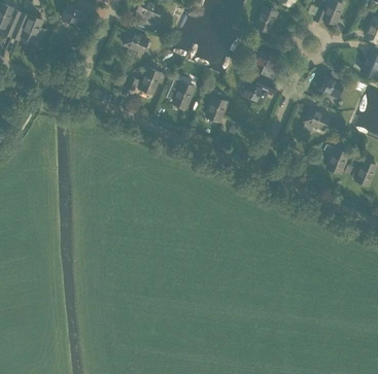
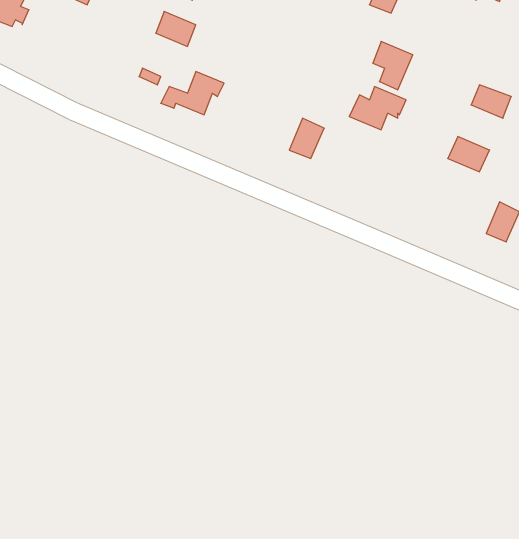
building: [166,78,194,108] -> none

